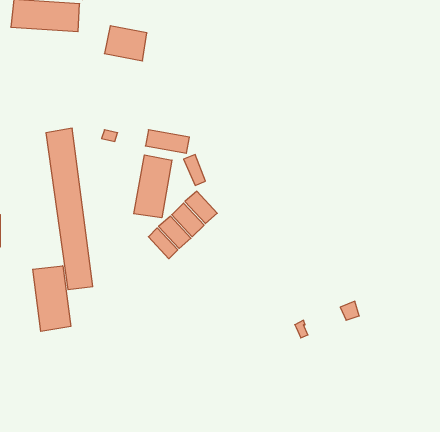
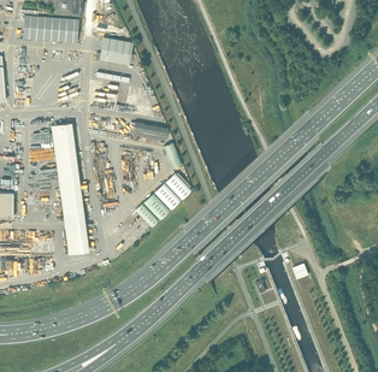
building: [134,155,172,218] -> none
building: [33,266,71,331] -> none

